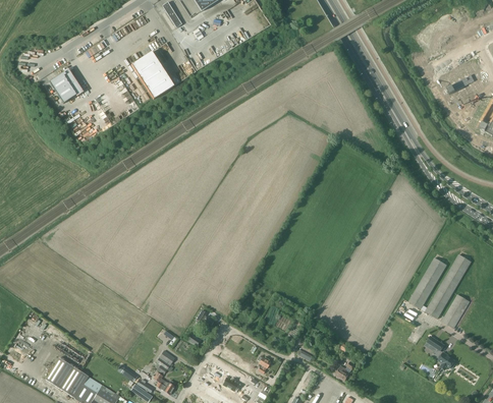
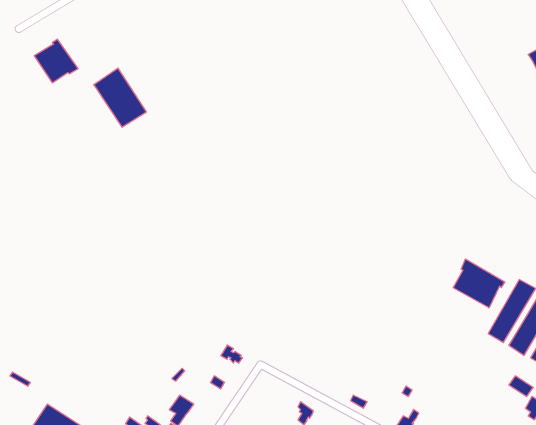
building: [131,52,173,99] -> [94,68,146,127]
building: none -> [453,259,505,308]

